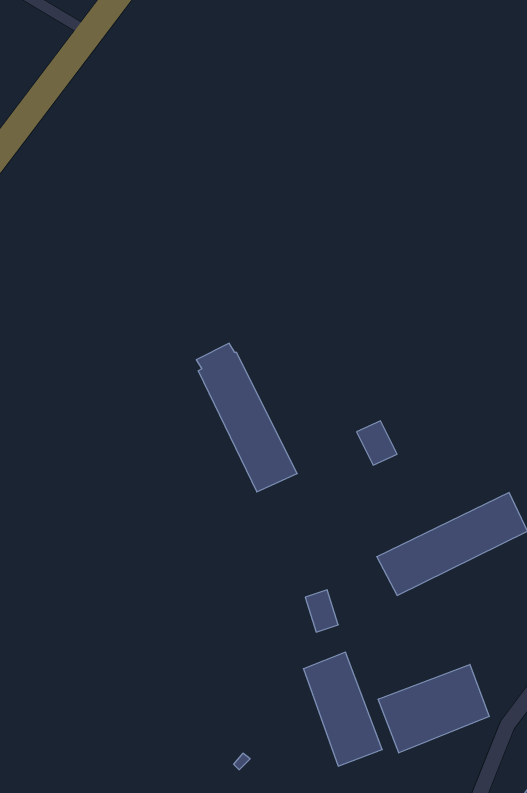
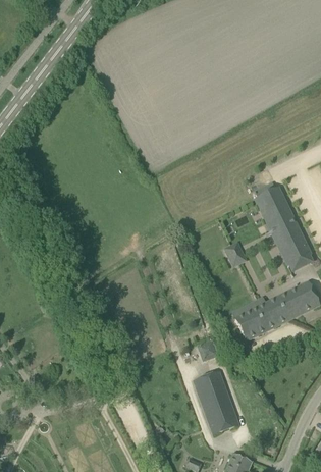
building: [196,343,297,492] -> [255,182,311,265]
building: [378,664,489,753] -> none

